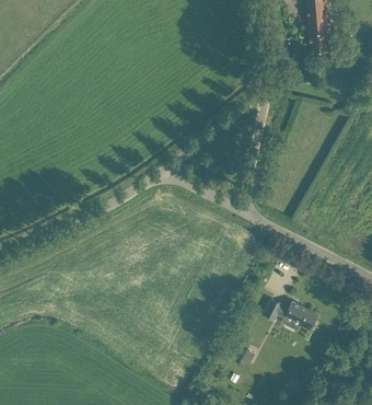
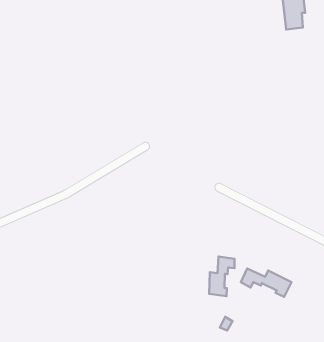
building: none -> [209,256,235,296]

